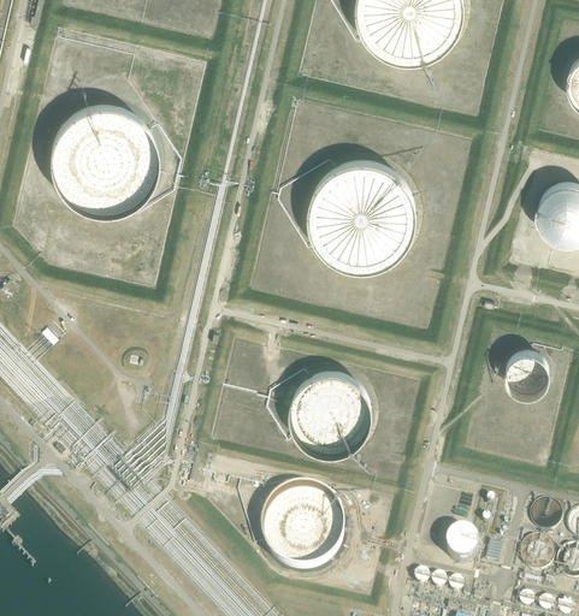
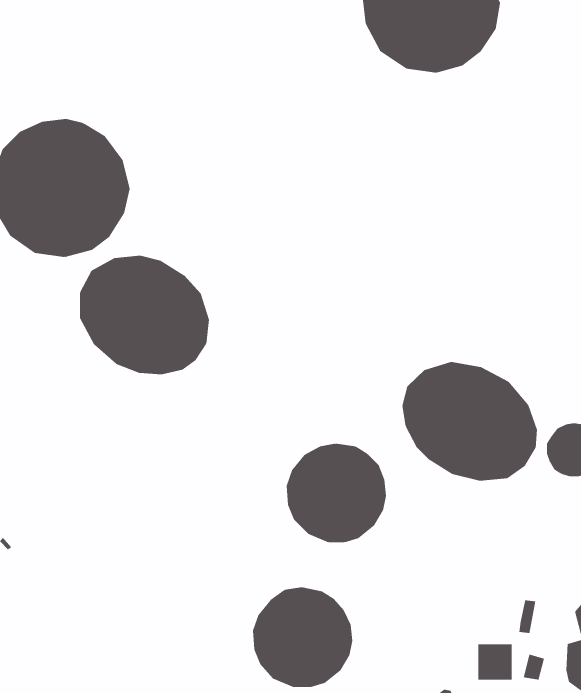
building: [307,155,421,270] -> none
building: none -> [79,255,210,375]
building: none -> [402,361,538,482]

